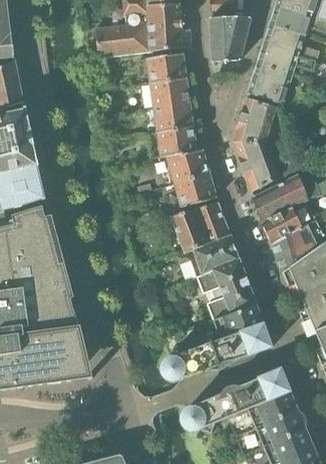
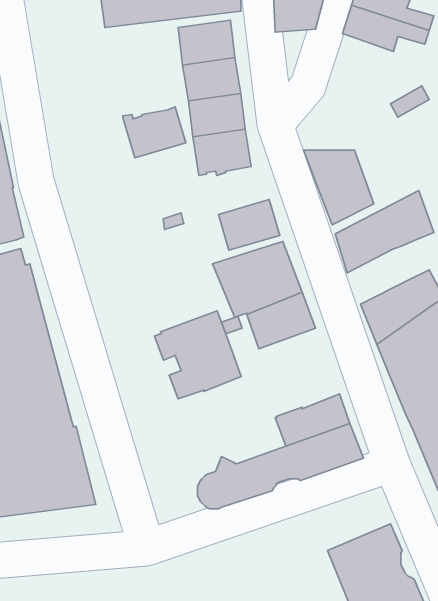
building: [248,61,292,102] -> none
building: [232,97,276,140] -> none
building: [167,149,209,183] -> [123,107,186,158]
building: [261,200,316,243] -> none
building: [198,259,256,318] -> [154,311,241,399]
building: [181,369,290,433] -> none

